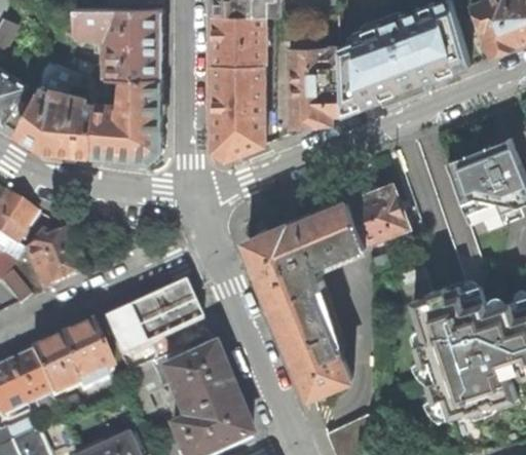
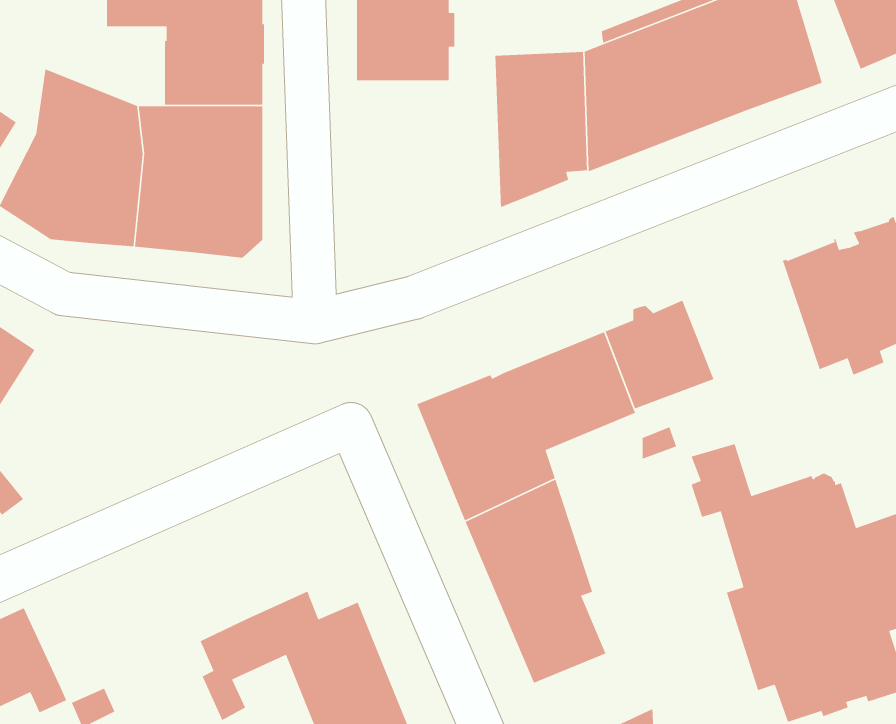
building: [212,64,264,159] -> none
building: [24,230,82,289] -> none
building: [102,281,199,357] -> none
building: [29,326,110,397] -> none

